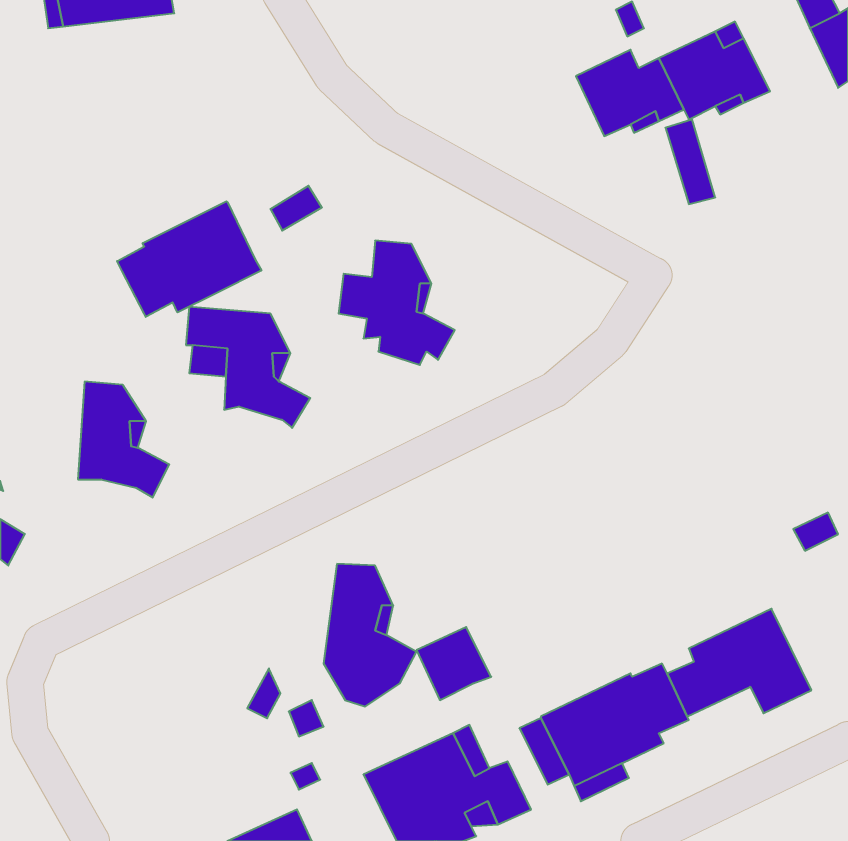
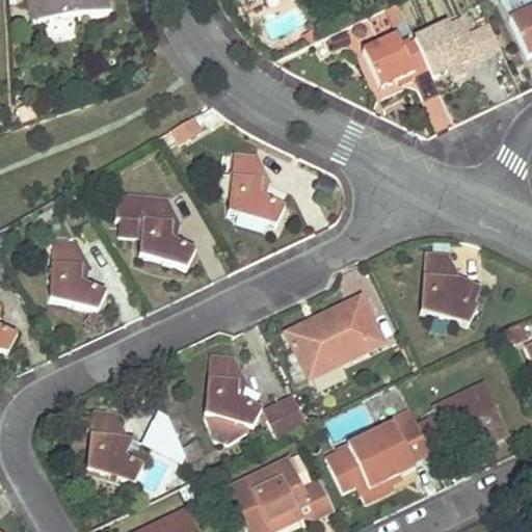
building: [117,201,261,317] -> none
building: none -> [420,250,481,326]
building: none -> [286,296,382,378]
building: none -> [86,409,143,484]

